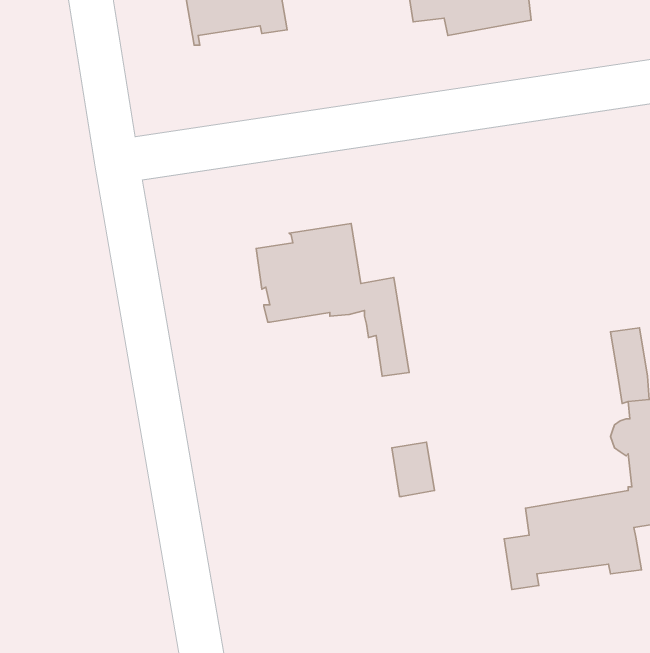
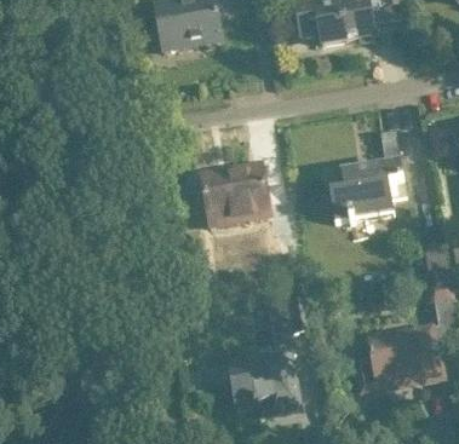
building: none -> [328,131,402,221]
building: none -> [228,354,297,413]

